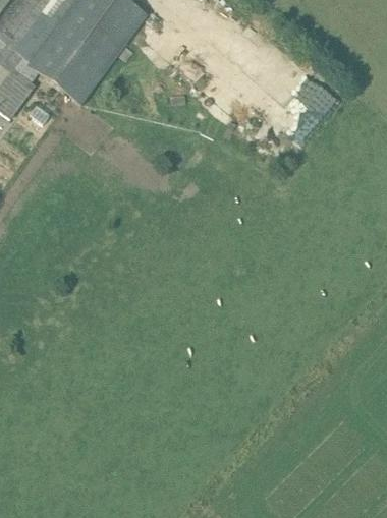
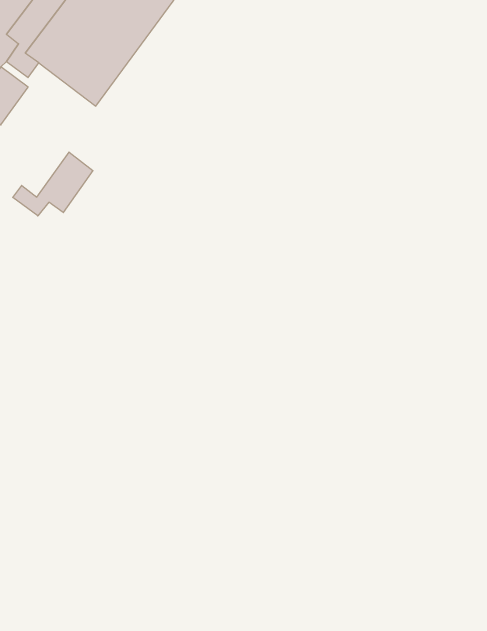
building: none -> [13,152,93,216]

